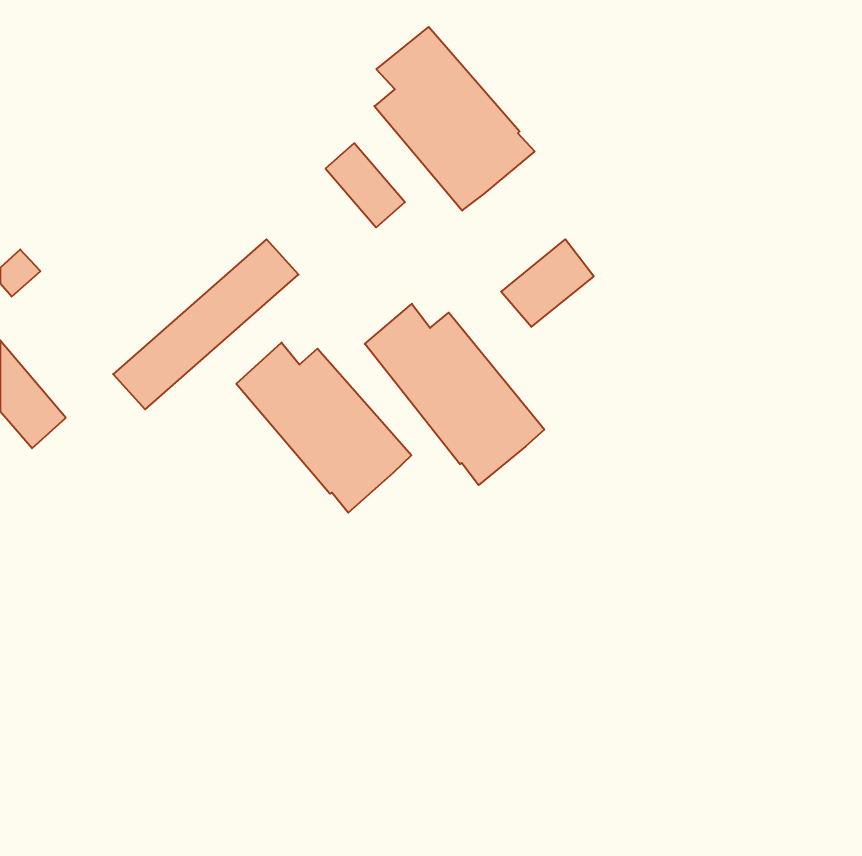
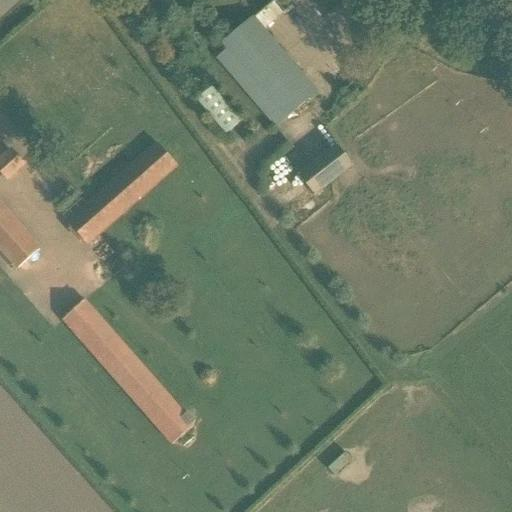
building: [365,304,544,485] -> none
building: [236,342,411,513] -> none
building: none -> [63,299,193,441]

